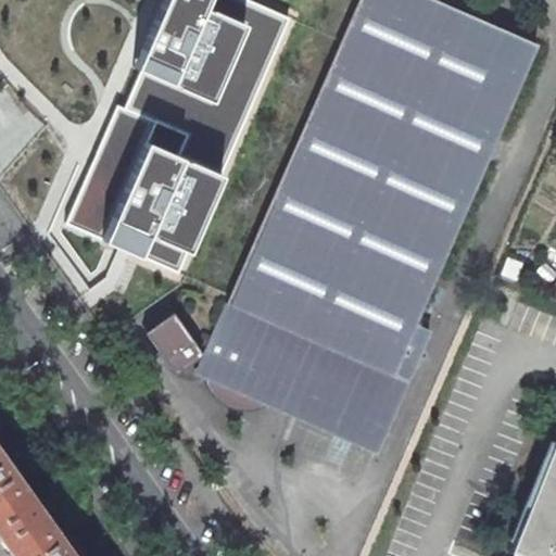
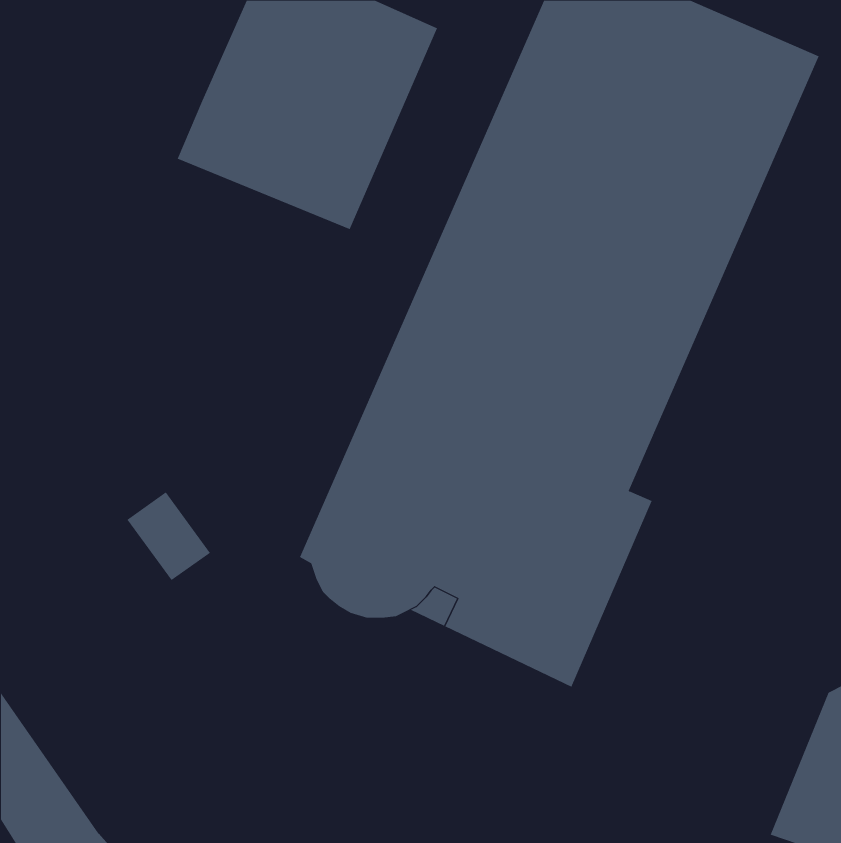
building: [67,105,232,274] -> none
building: [148,314,203,372] -> [127,492,211,581]

